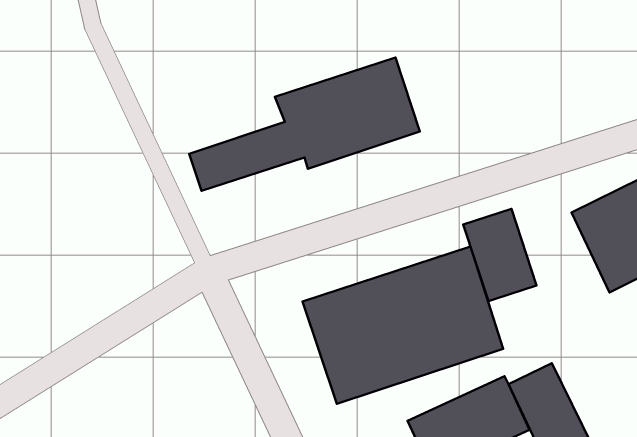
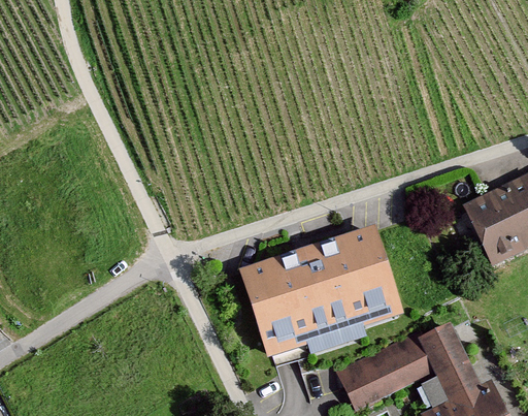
building: [189,58,420,191] -> none
building: [463,209,537,301] -> none

